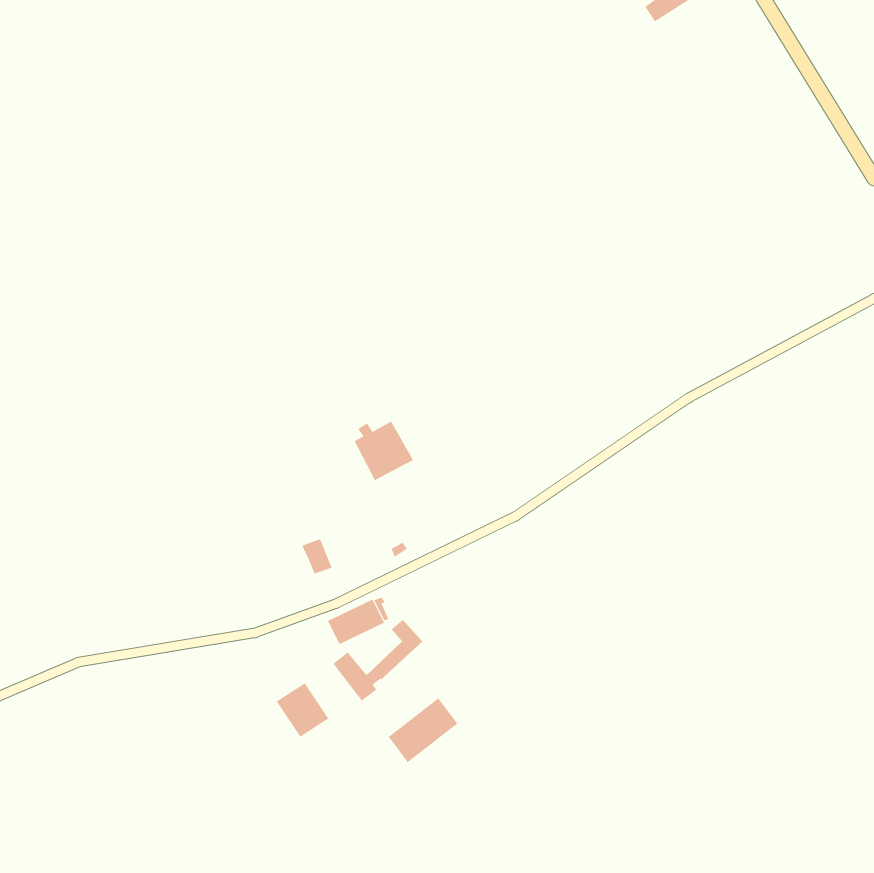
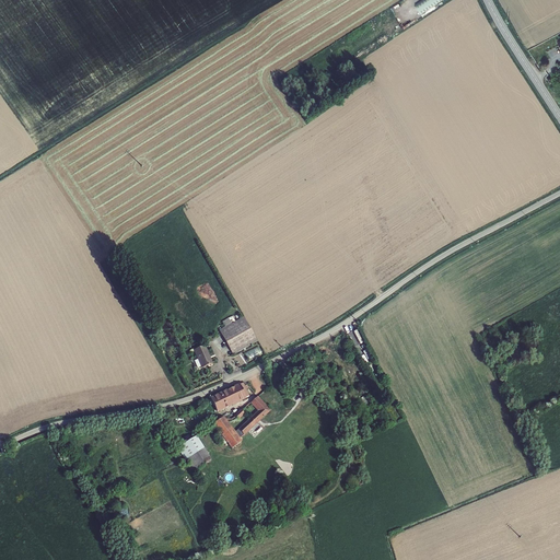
building: [354,421,414,481] -> [219,315,257,353]
building: [387,697,458,764] -> none

